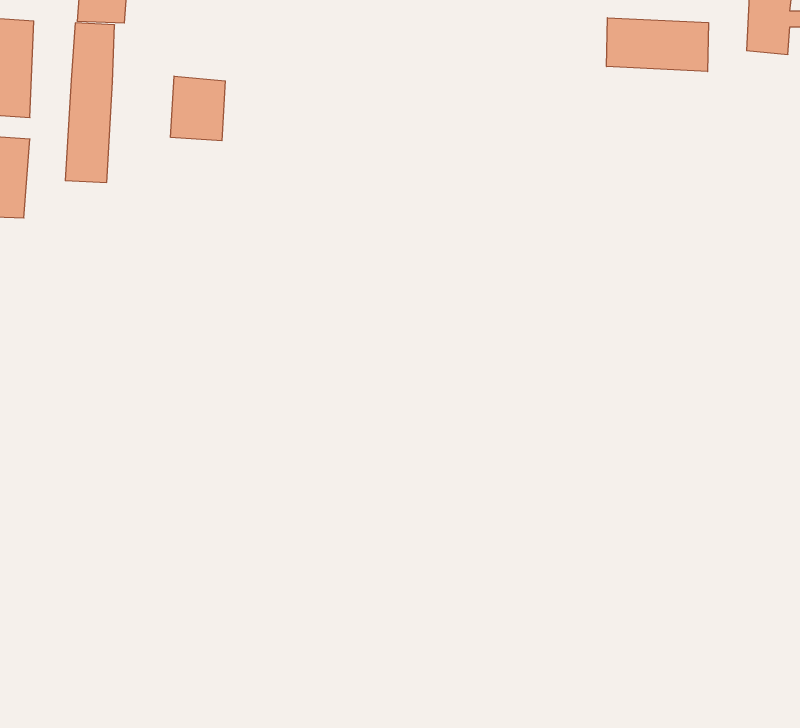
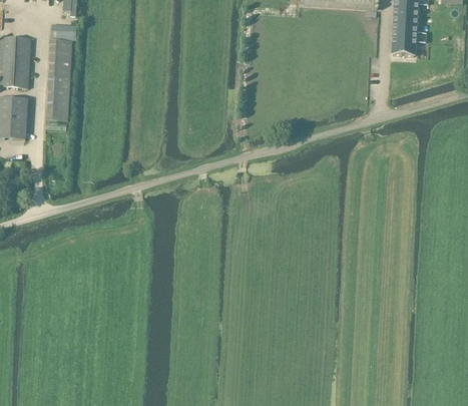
building: [607,18,708,72] -> none
building: [171,76,225,141] -> none

